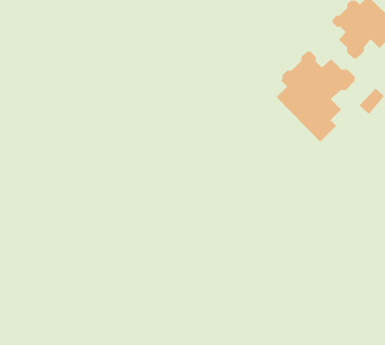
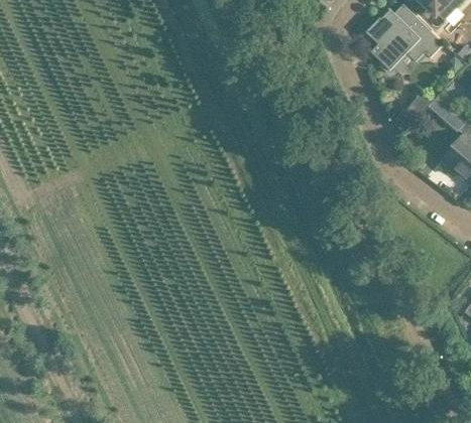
building: [276,51,355,143] -> none

